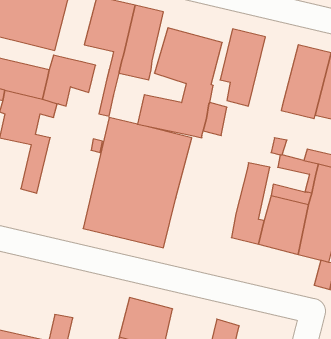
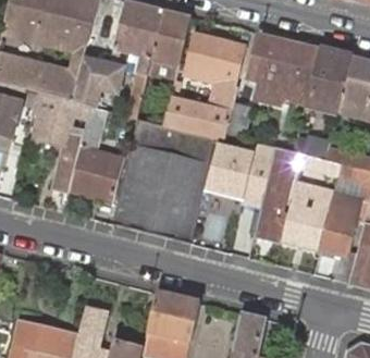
building: none -> [273,40,321,107]
building: none -> [72,125,124,199]
building: none -> [203,140,276,210]

